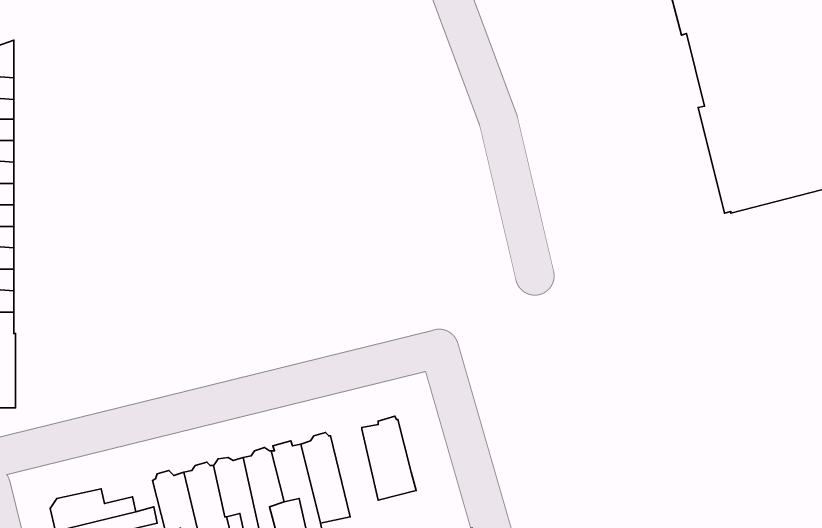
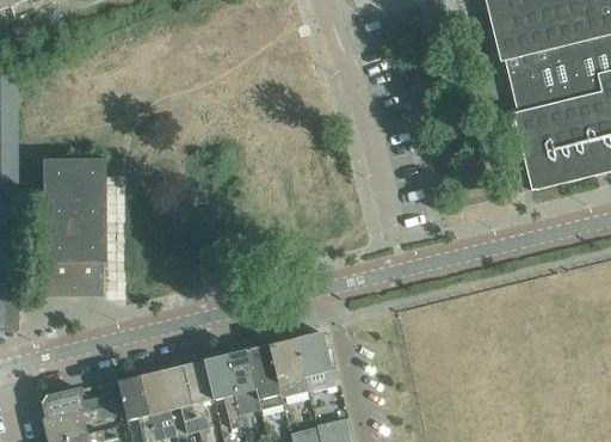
building: none -> [27,159,107,297]
building: none -> [296,332,340,387]
building: none -> [247,344,284,410]

